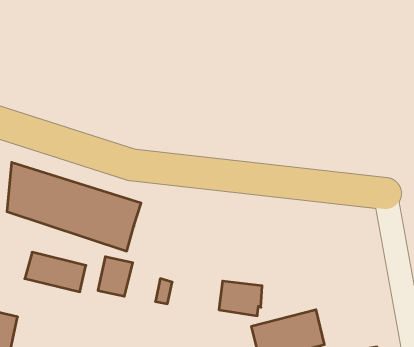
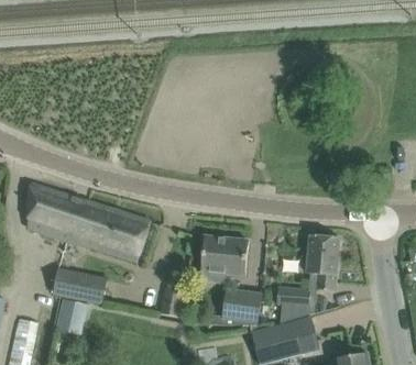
building: none -> [276,234,338,323]
building: none -> [199,235,248,280]
building: [98,257,133,296] -> [55,298,87,334]

